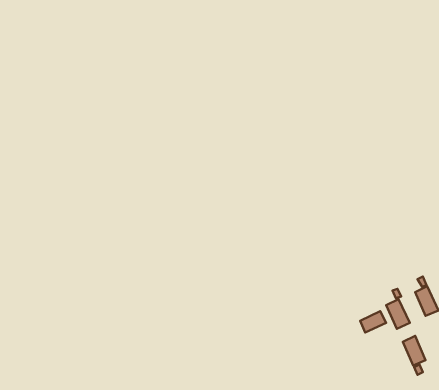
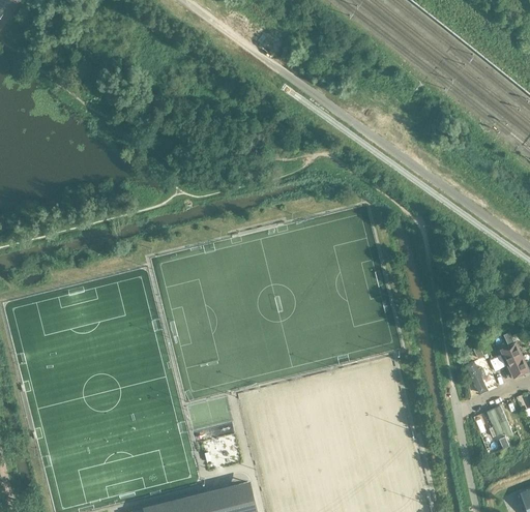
building: [360,311,386,333] -> none

